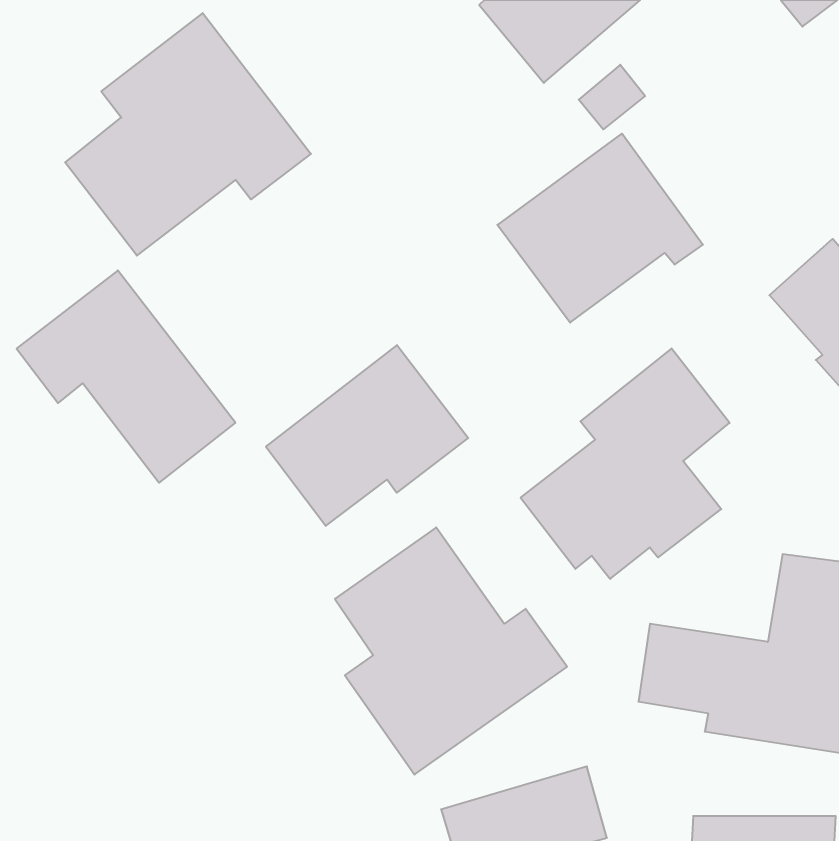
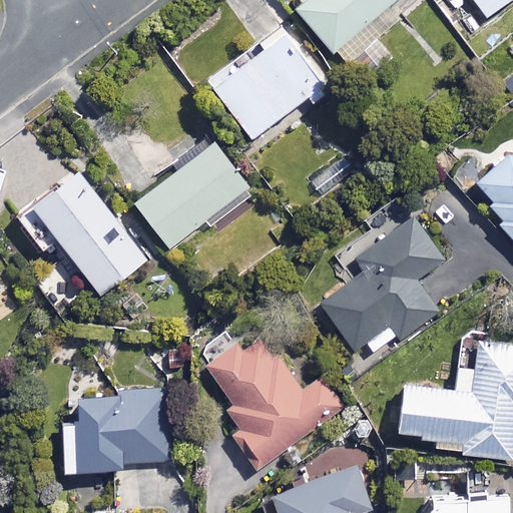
building: [65,13,311,256] -> none
building: [497,134,703,323] -> [207,25,332,139]
building: [266,345,468,526] -> [133,139,255,248]
building: none -> [59,392,172,468]

